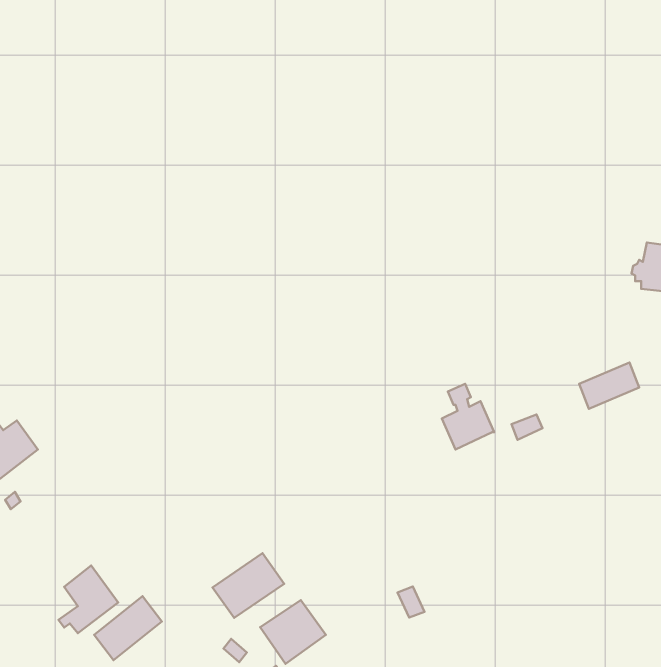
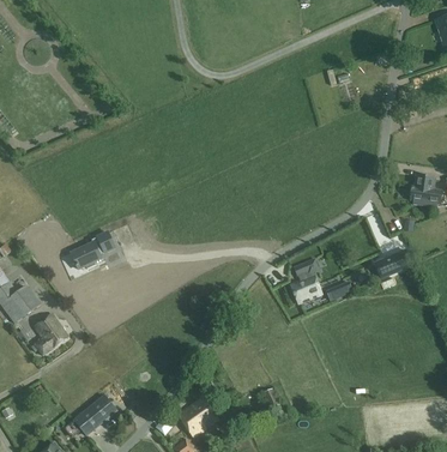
building: none -> [71,231,115,269]
building: [213,553,284,618] -> none
building: [58,566,118,633] -> [31,313,68,355]

